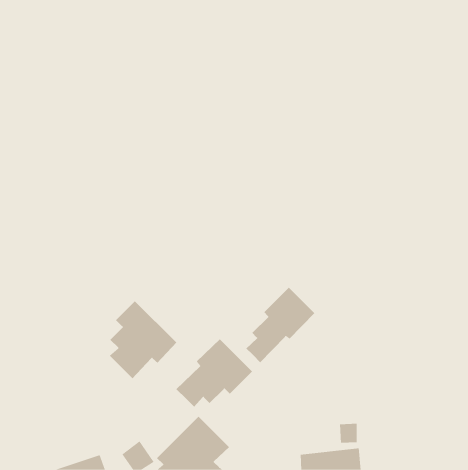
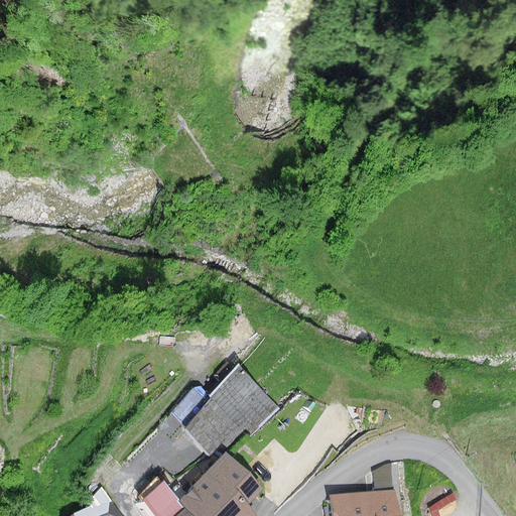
building: [246,287,315,363] -> none
building: [109,300,177,379] -> none

